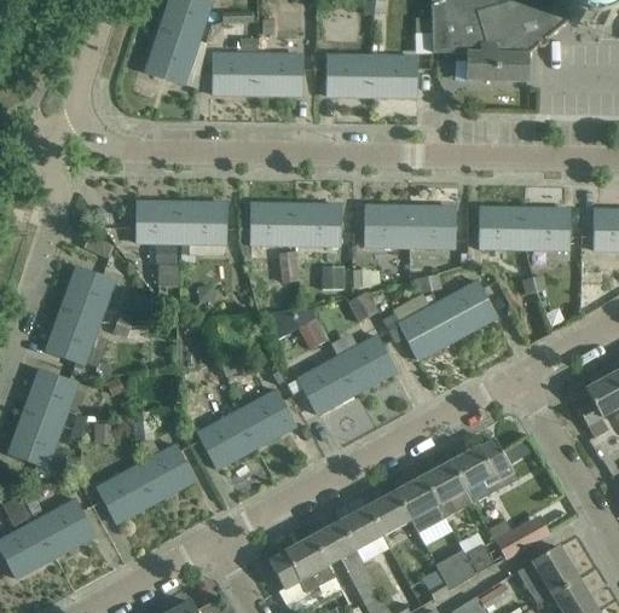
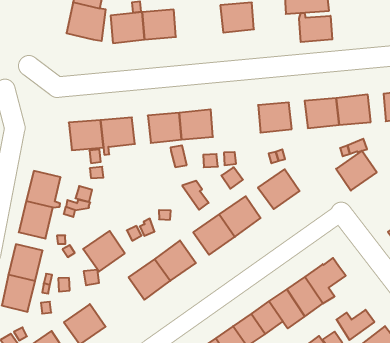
building: [326,54,372,96] -> none
building: none -> [299,13,332,42]
building: [364,206,411,245] -> none
building: [439,281,497,336] -> [336,151,377,191]
building: [137,444,196,501] -> [83,231,125,272]

